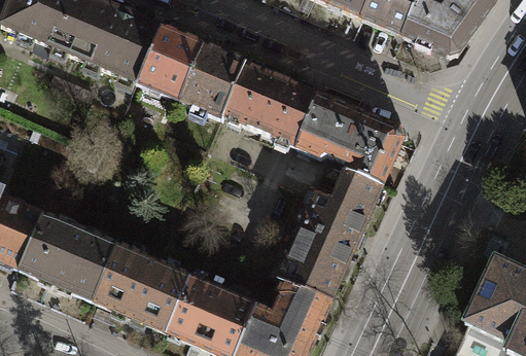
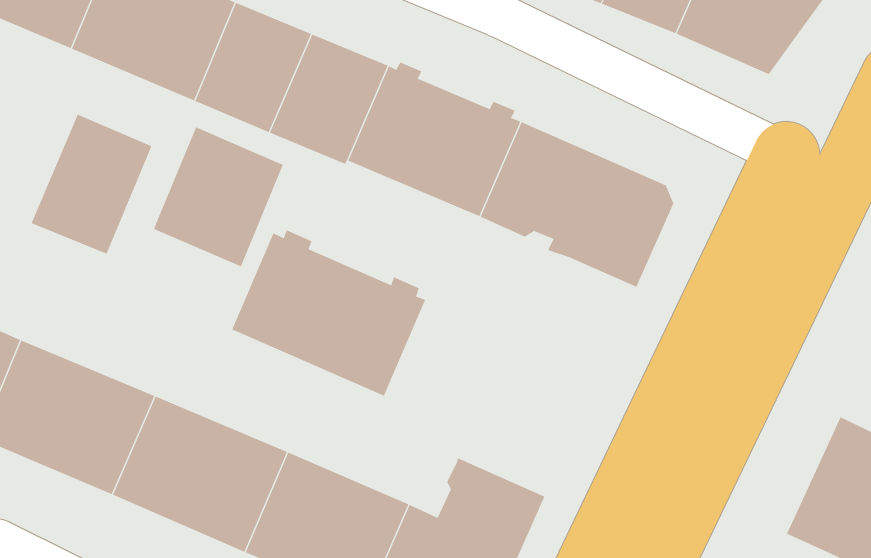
building: none -> [31,114,152,254]
building: none -> [153,127,284,267]
building: none -> [231,229,426,397]
building: [277,167,380,298] -> none

